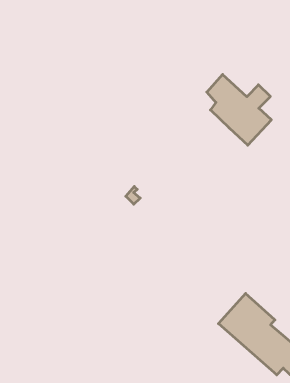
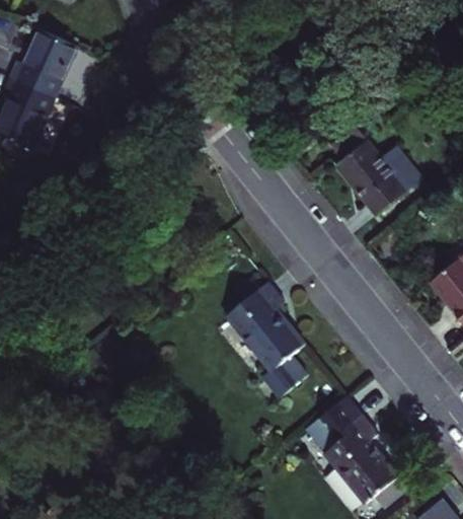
building: none -> [230,278,310,400]

